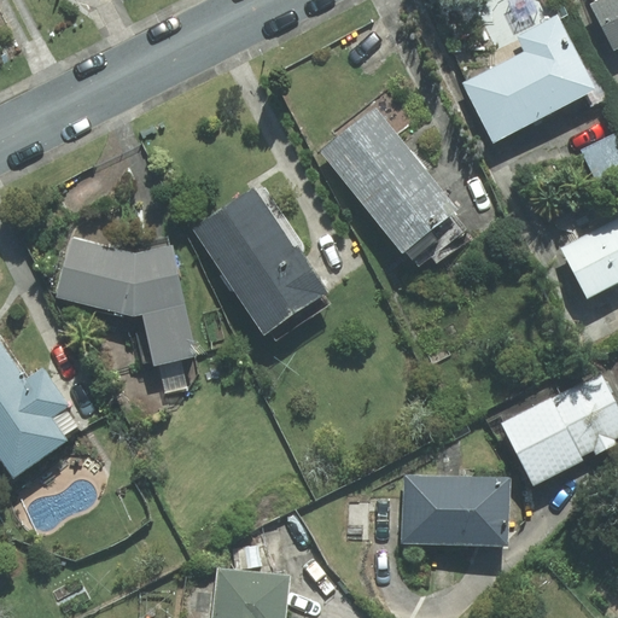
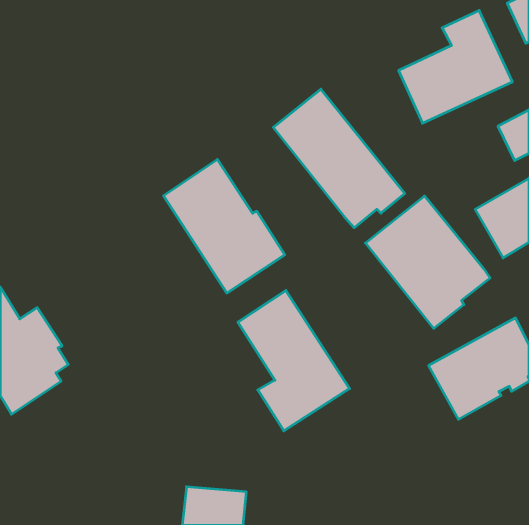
building: none -> [365,196,490,328]
building: [57,233,194,366] -> none
building: none -> [238,290,350,431]
building: [400,472,512,549] -> none

